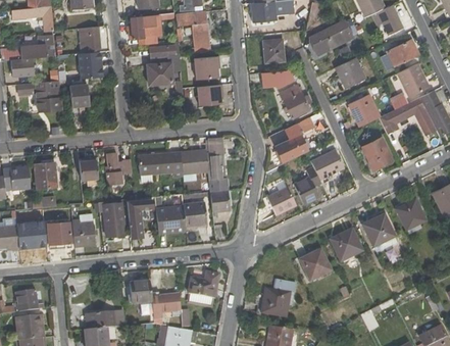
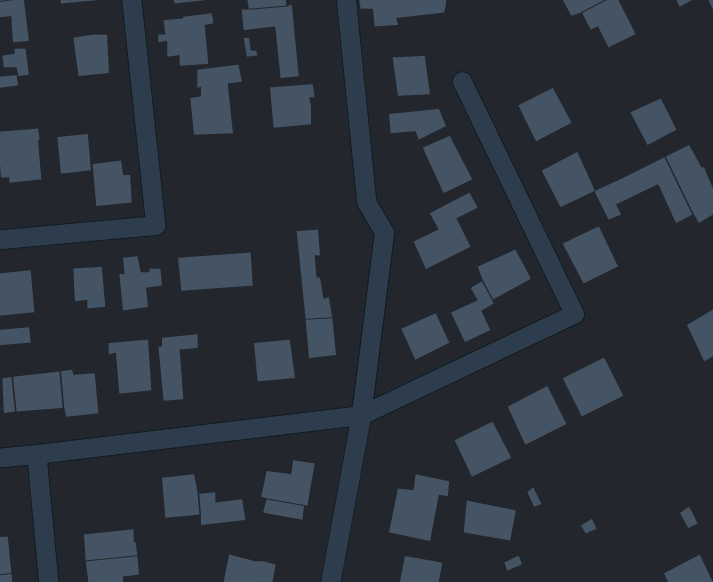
building: [308,19,352,56] -> none
building: [386,34,419,66] -> none
building: [80,51,103,78] -> [92,160,133,206]
building: [196,84,222,106] -> none
building: [182,149,208,174] -> none
building: [394,198,427,231] -> none
building: [156,206,185,232] -> none
building: none -> [463,500,517,541]

